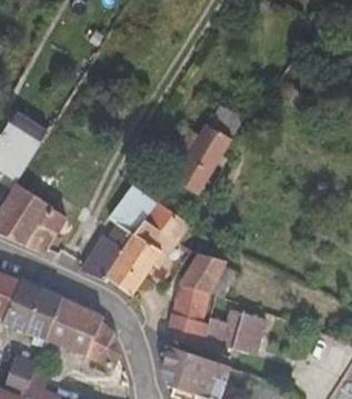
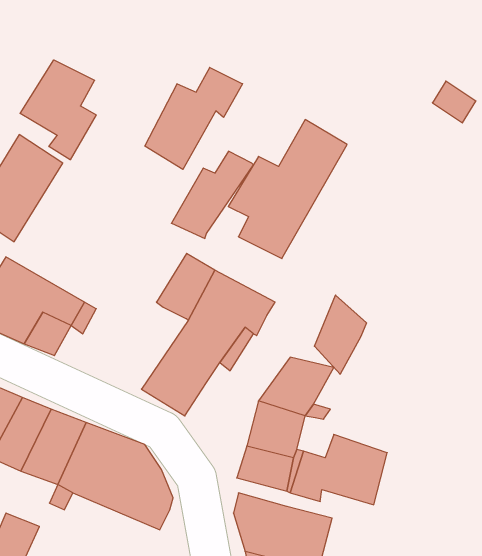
building: none -> [20,60,96,160]
building: none -> [145,67,243,169]
building: none -> [314,295,366,374]
building: [78,223,132,281] -> [171,151,253,238]

